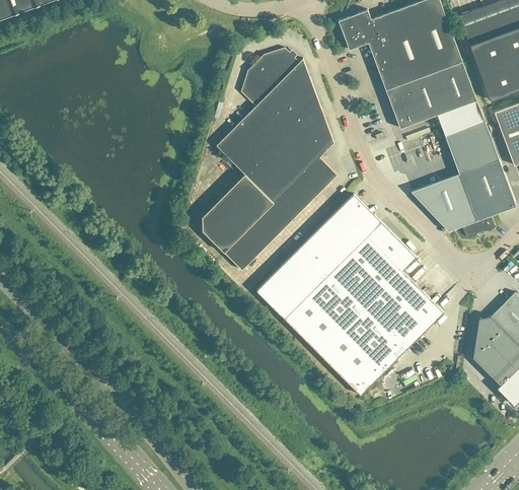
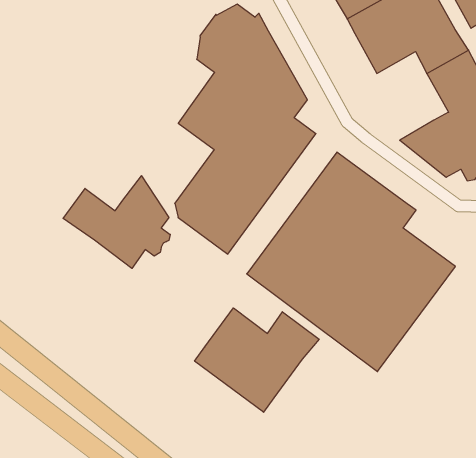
building: none -> [63,176,170,268]
building: none -> [195,308,319,412]

